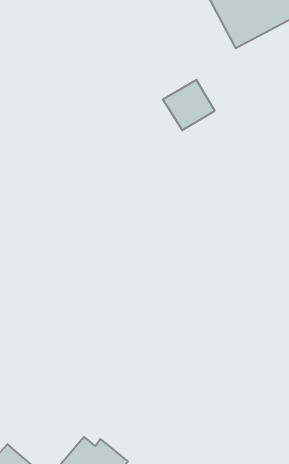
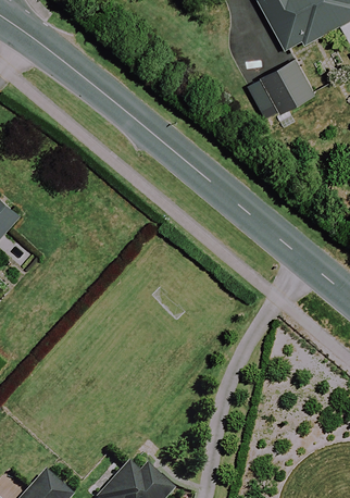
building: [163,80,215,130] -> [259,61,314,114]

